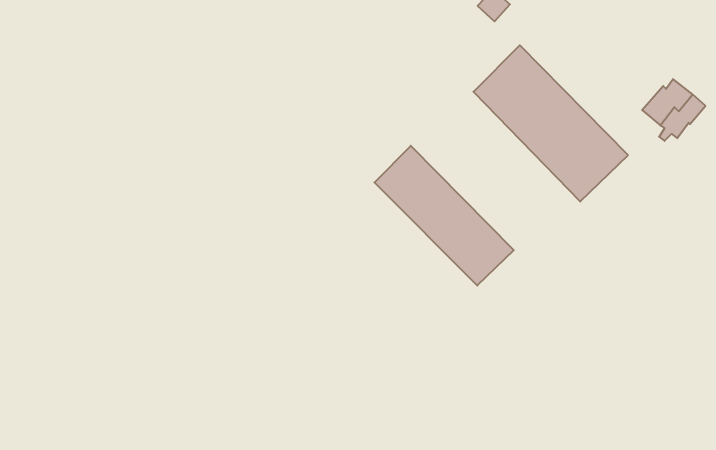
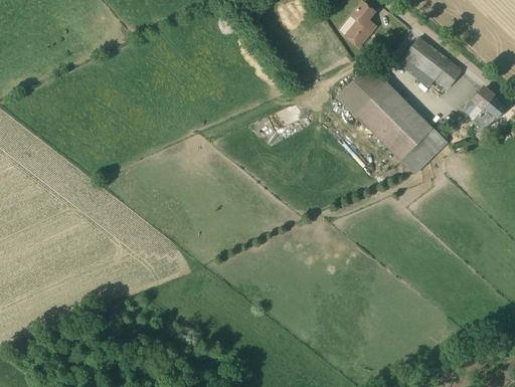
building: none -> [402,38,459,88]
building: [374,146,514,286] -> none

